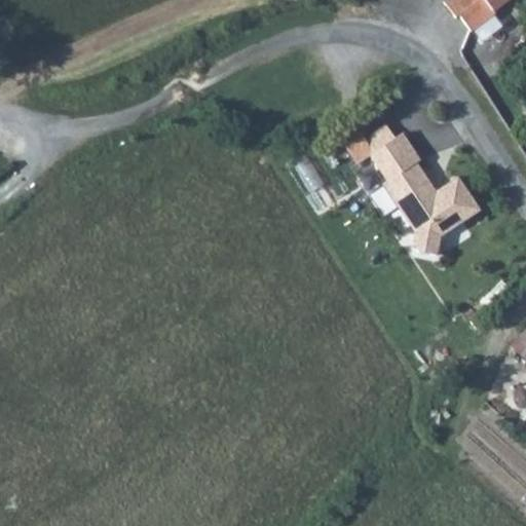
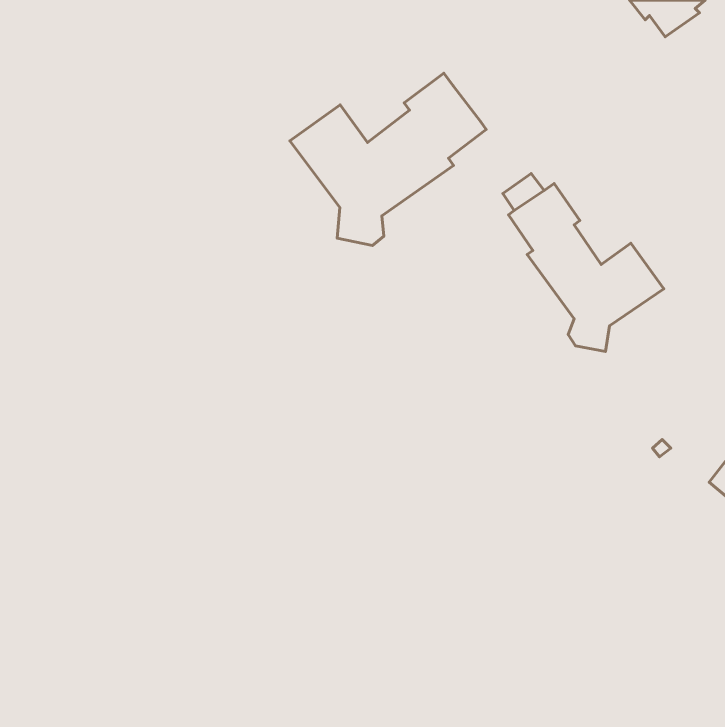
building: none -> [290,73,486,246]

